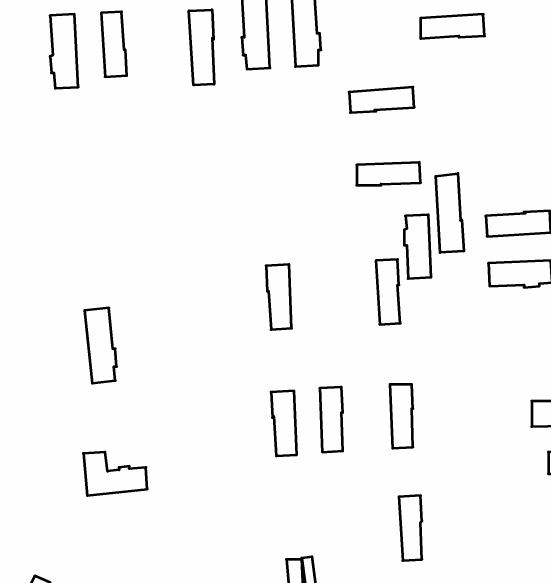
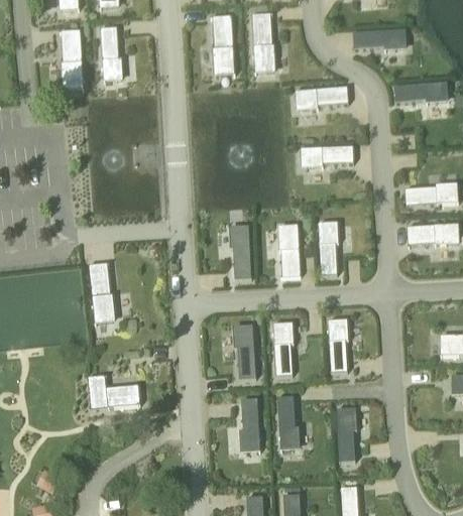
building: [189,10,214,85] -> none
building: none -> [394,82,446,101]
building: [436,173,464,253] -> none
building: [404,215,431,279] -> [278,226,300,276]
building: none -> [277,396,298,447]
building: none -> [241,398,259,449]

